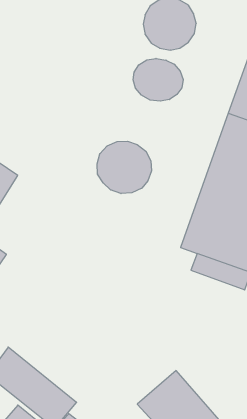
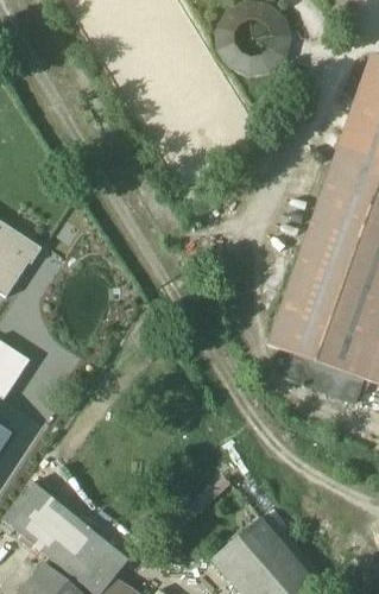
building: [133,58,183,101] -> none
building: [97,141,151,194] -> none

